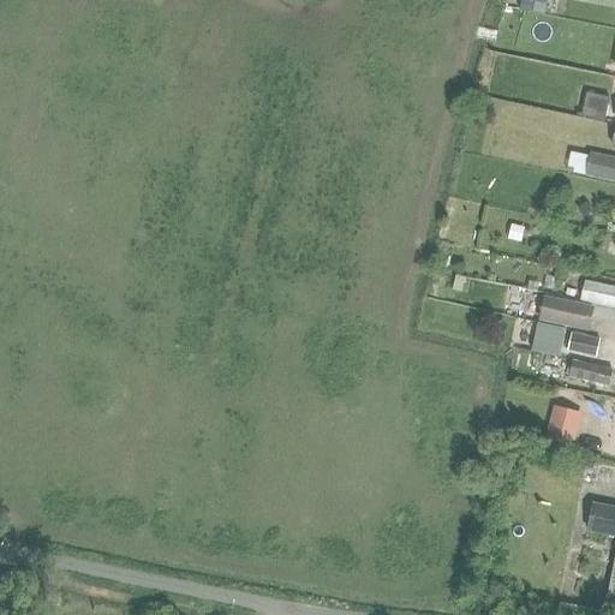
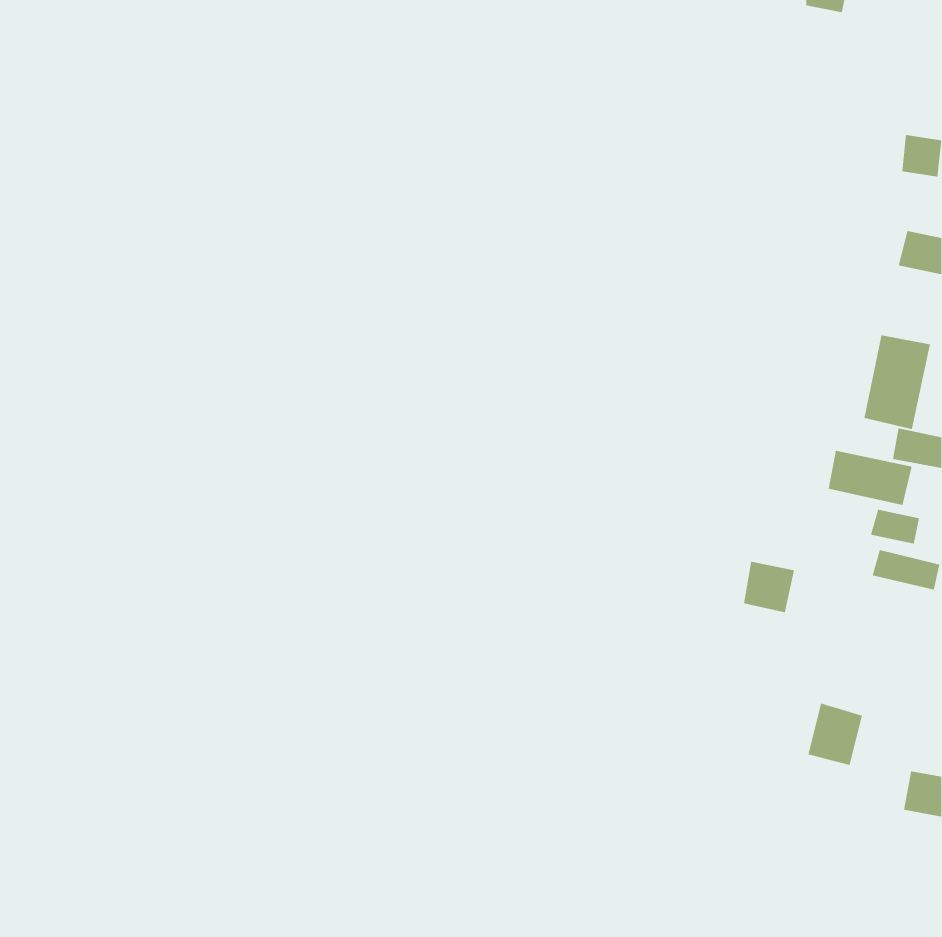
building: none -> [864,334,931,430]
building: [532,321,566,354] -> [743,561,795,613]
building: [545,404,581,444] -> [808,703,863,765]

